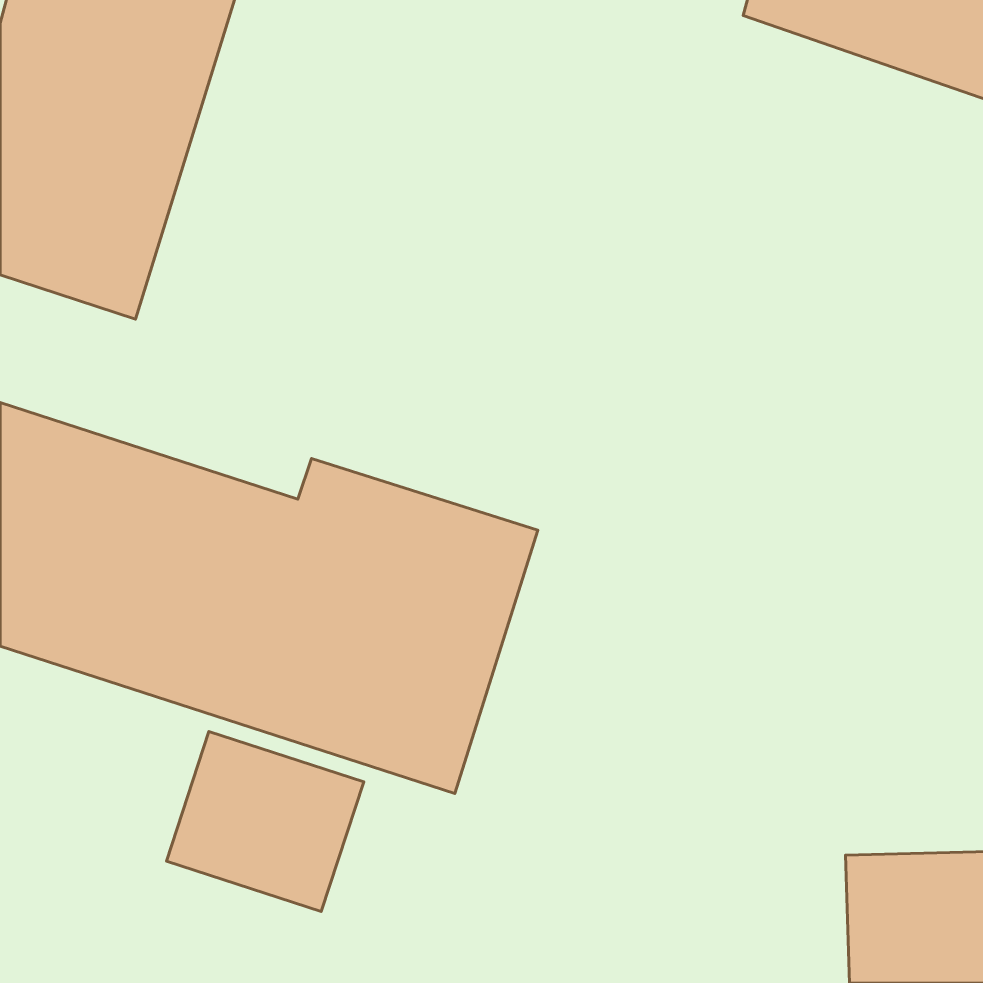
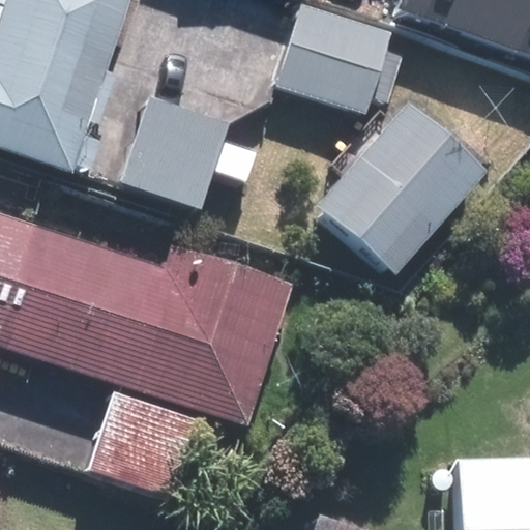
building: none -> [275,4,391,113]
building: none -> [119,97,230,208]
building: none -> [318,105,485,274]

